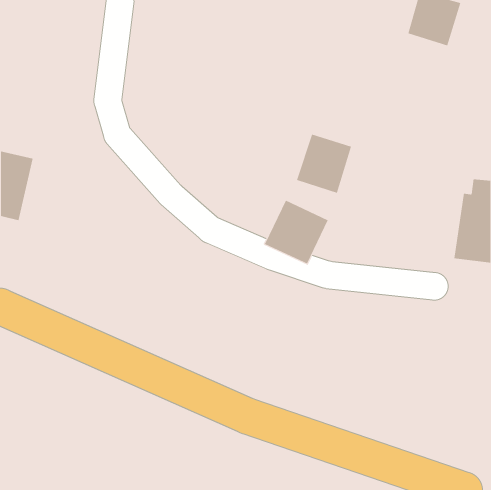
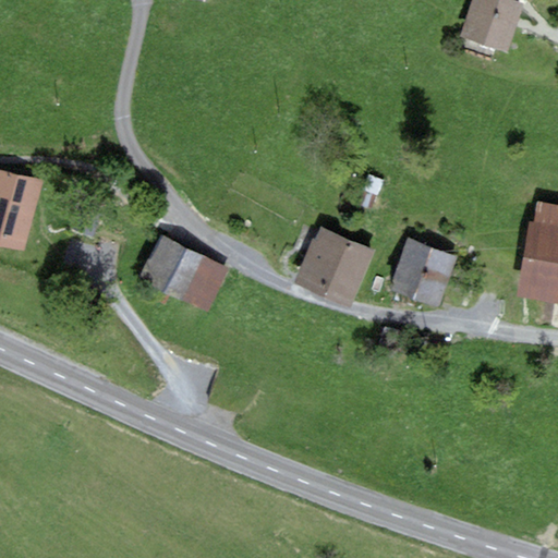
building: [296,134,352,193] -> [395,239,458,306]
building: none -> [146,239,228,307]

